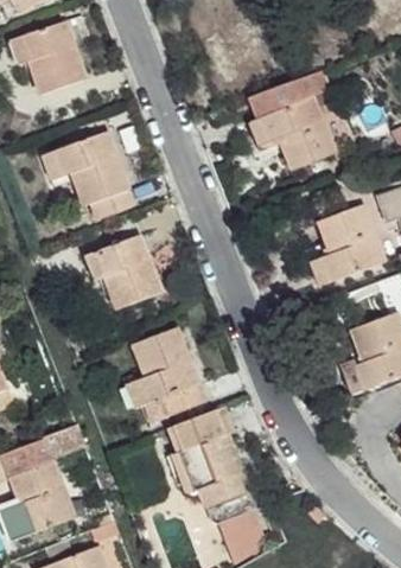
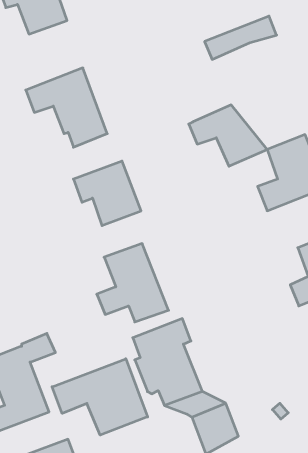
building: [248,101,336,170] -> [189,105,267,166]
building: none -> [52,359,148,435]

